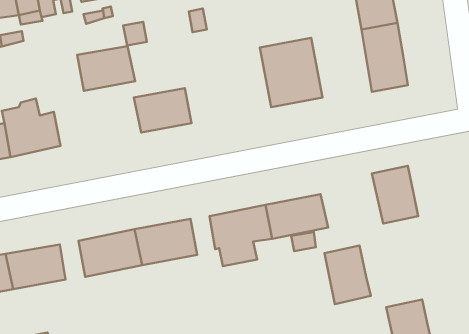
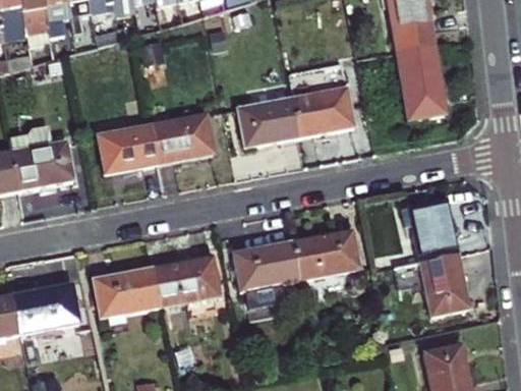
building: [77,46,135,91] -> [98,125,160,173]
building: none -> [238,98,299,147]
building: [324,245,371,304] -> [419,253,469,316]

